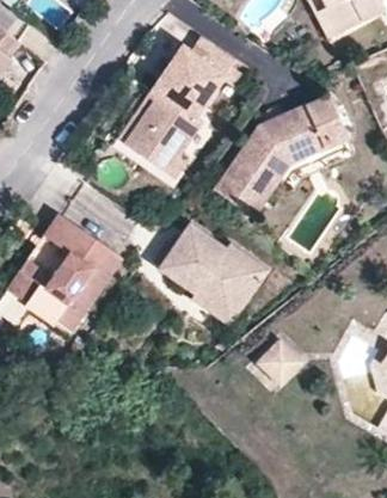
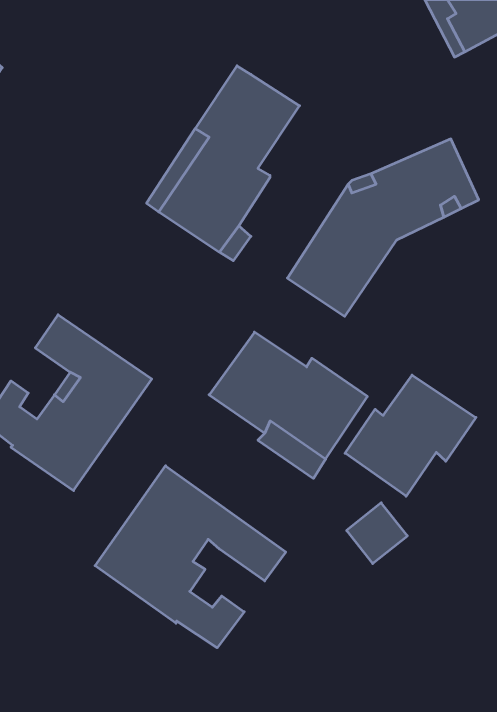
building: none -> [345,375,476,496]
building: none -> [95,466,286,648]

